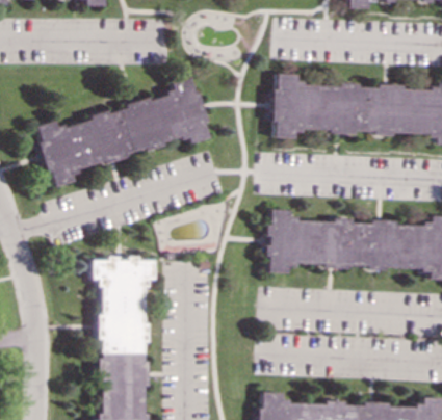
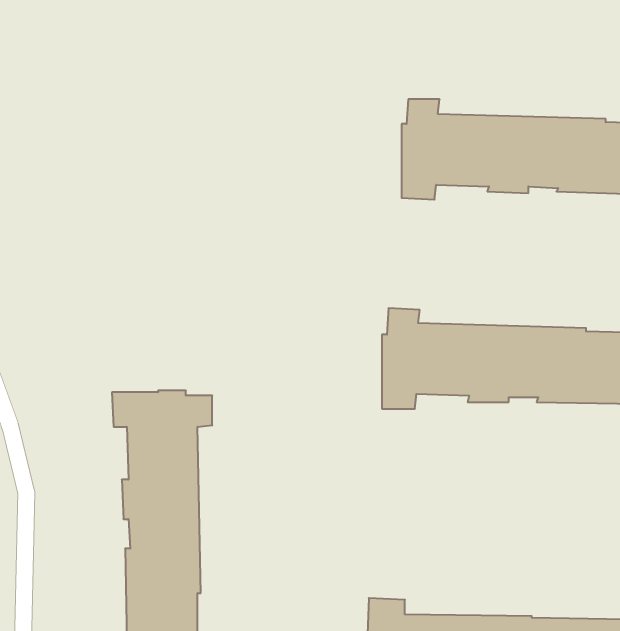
building: [33,77,209,187] -> none

